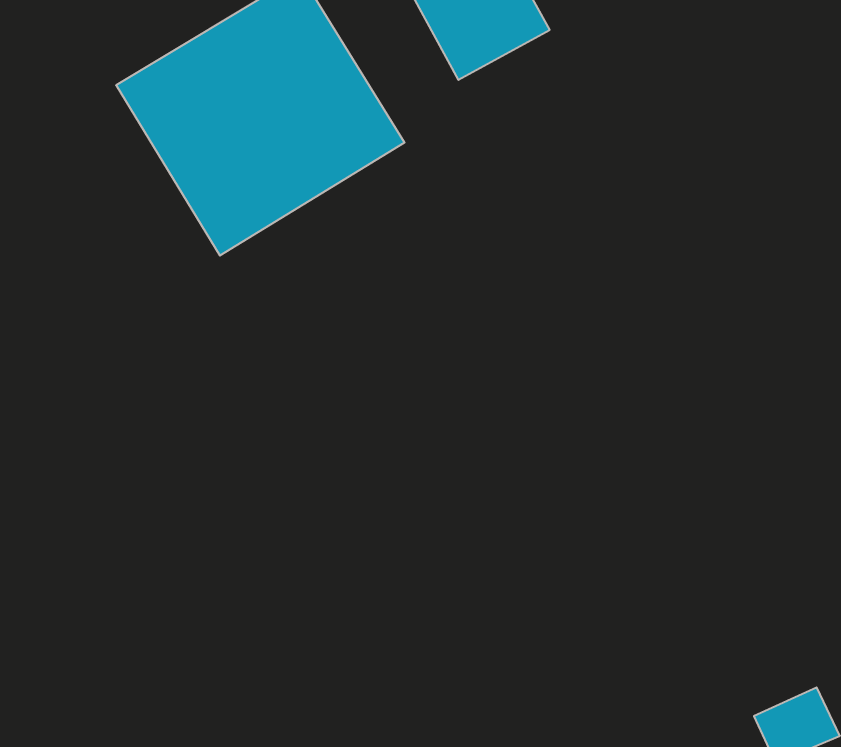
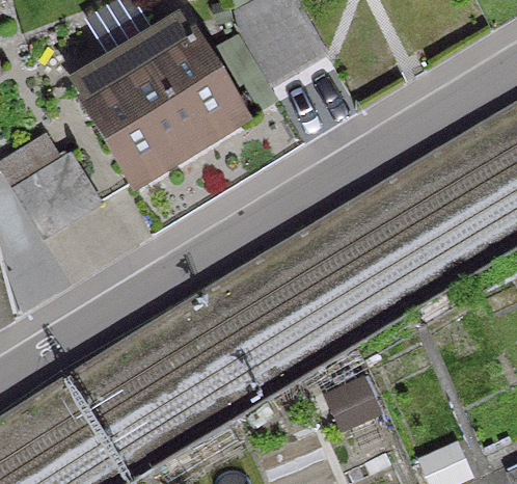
building: none -> [13,152,99,234]

